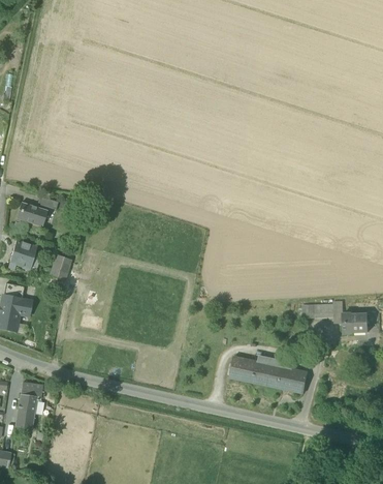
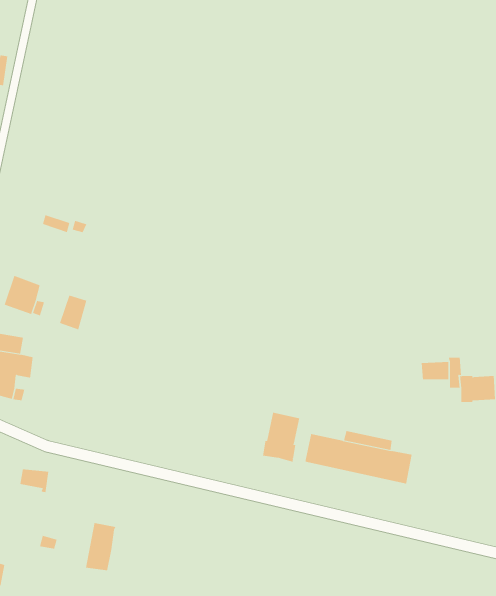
building: [17,203,44,226] -> none
building: none -> [263,412,300,462]
building: [13,394,36,429] -> [85,523,116,571]

